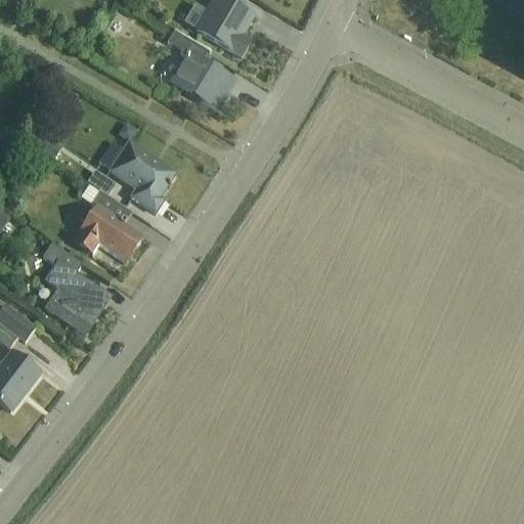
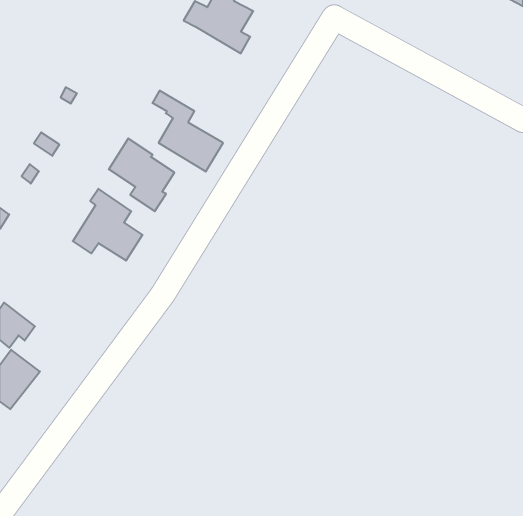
building: [164,28,234,108] -> [152,91,223,172]
building: [42,242,106,331] -> none

